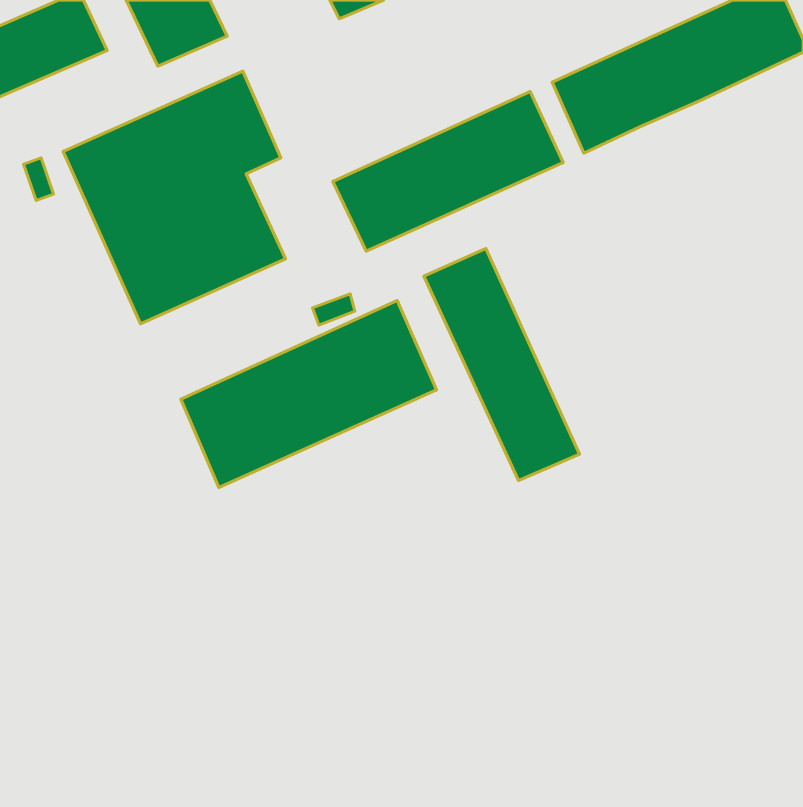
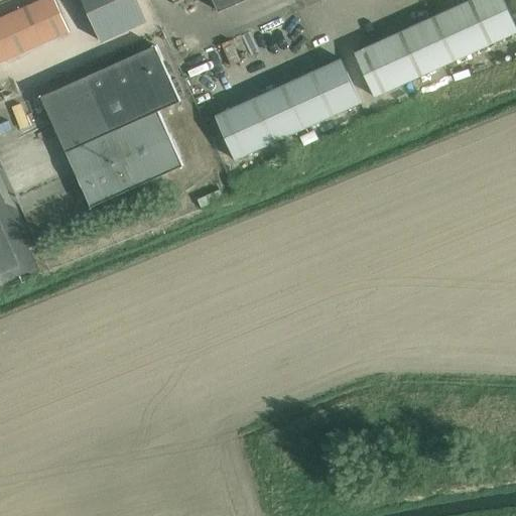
building: [424,249,580,481] -> none
building: [181,300,436,487] -> none

